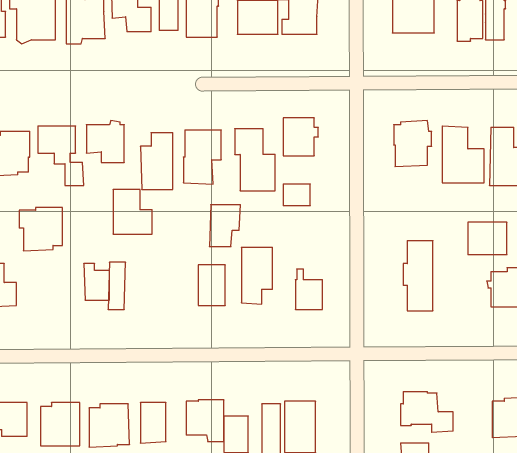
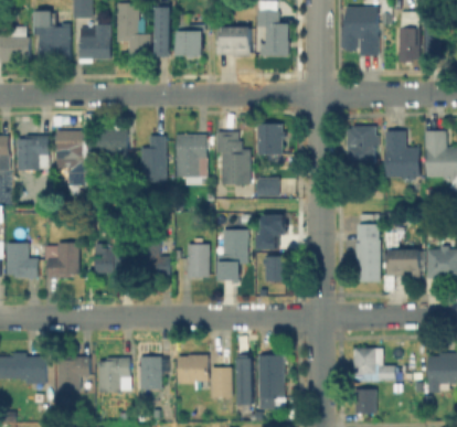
building: [113,190,152,234] -> [137,239,169,276]
building: [209,205,240,247] -> [256,215,281,249]
building: [19,208,62,251] -> [43,243,78,278]
building: [468,222,507,255] -> [389,252,421,278]

